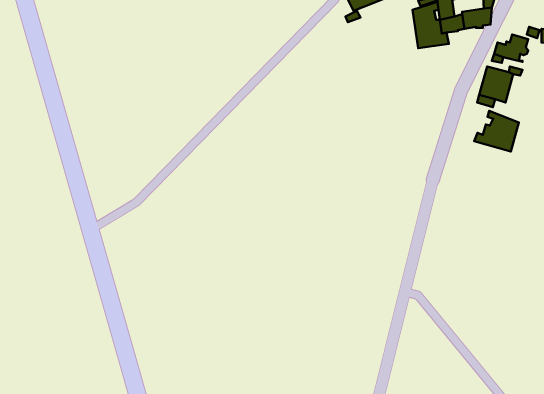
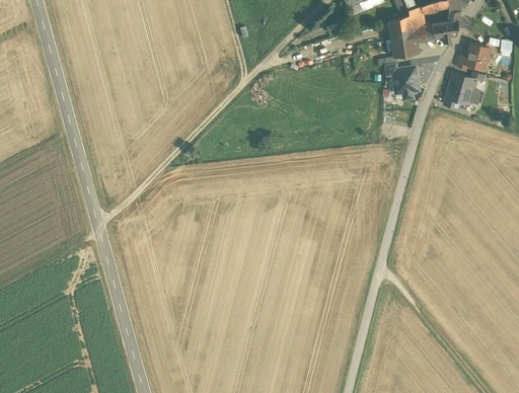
building: none -> [391,66,420,98]
building: [474,111,519,151] -> none

